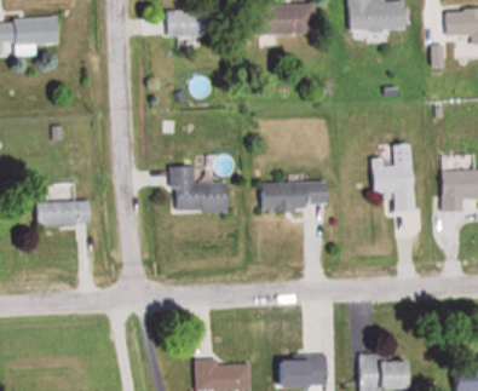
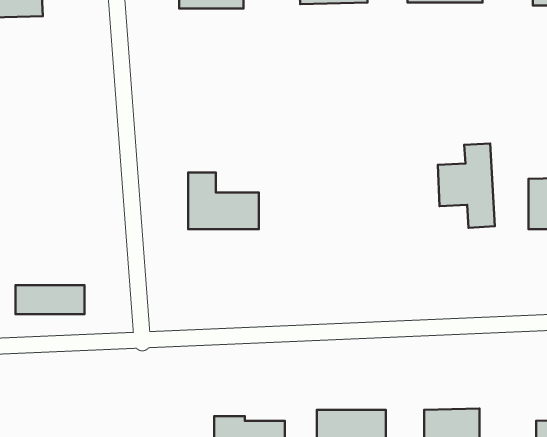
building: [259,183,329,222] -> none
building: [36,201,91,224] -> [15,285,84,314]

